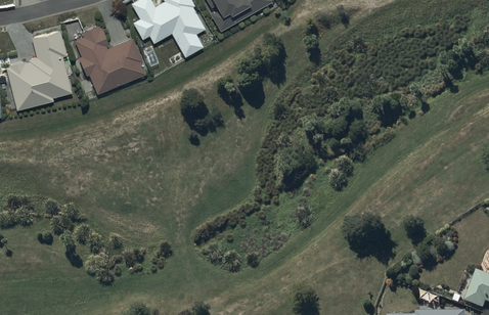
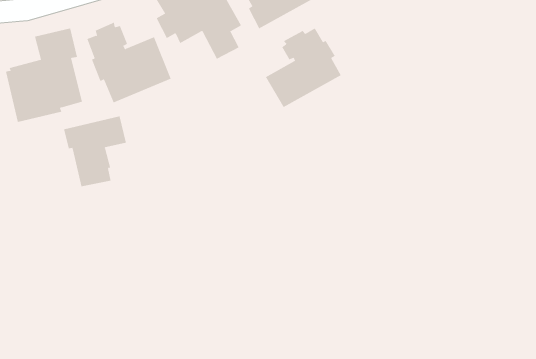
building: none -> [265,28,341,108]
building: none -> [63,115,126,187]

